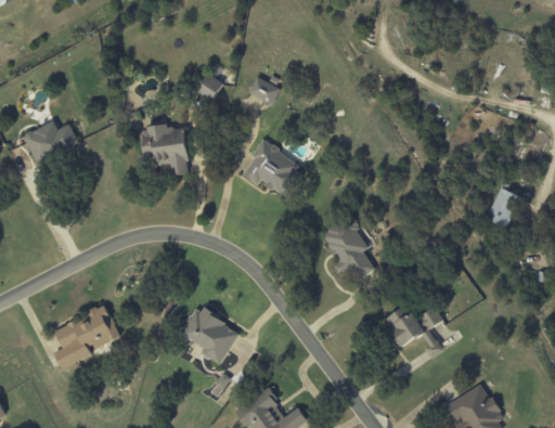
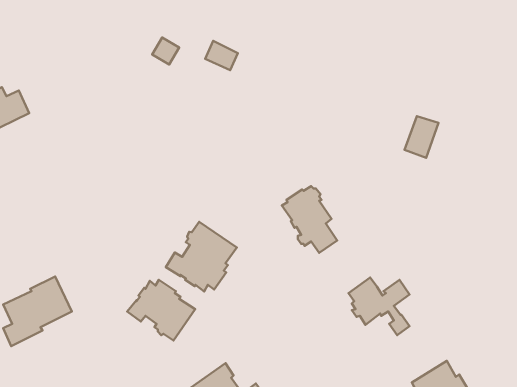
building: [141,125,189,176] -> none
building: [241,140,300,194] -> none
building: [487,187,519,228] -> [405,116,438,158]
building: none -> [166,222,237,291]

